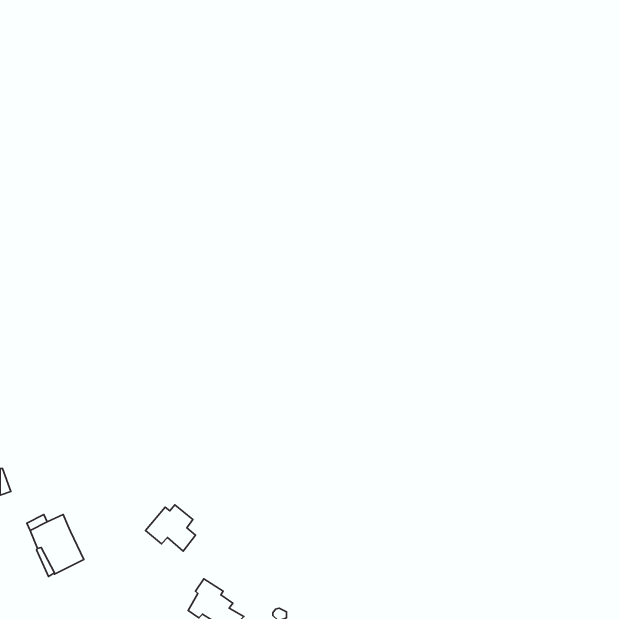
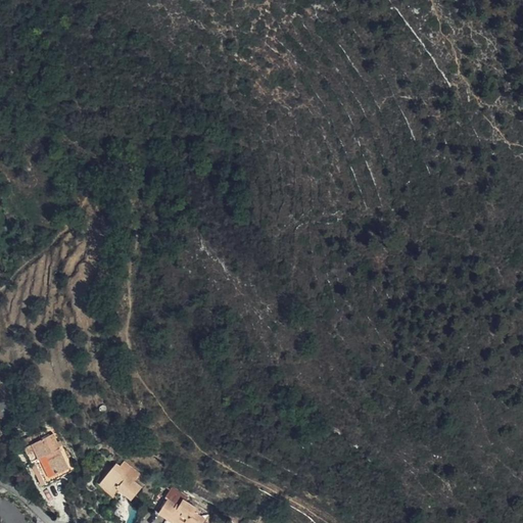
building: [146,505,195,551] -> [100,462,142,501]

